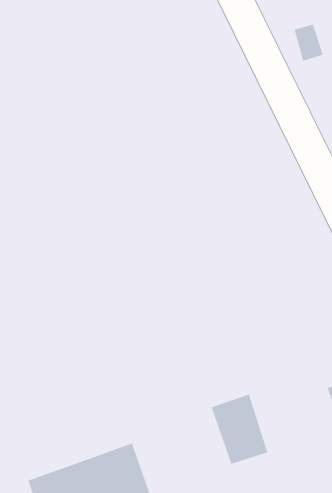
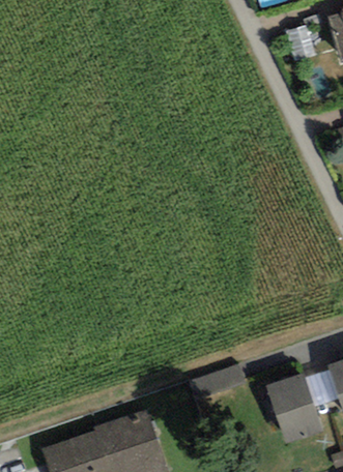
building: [211,394,268,465] -> [265,374,319,440]

